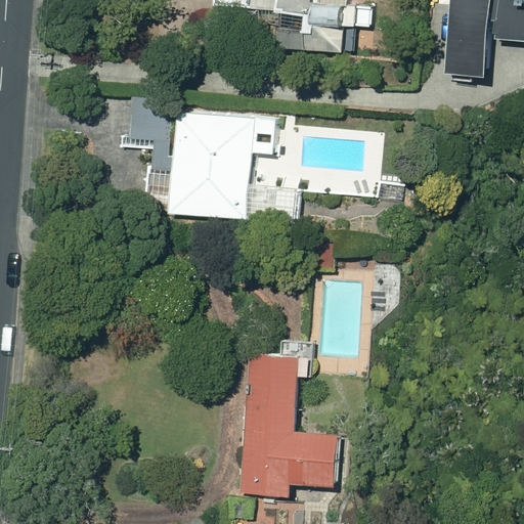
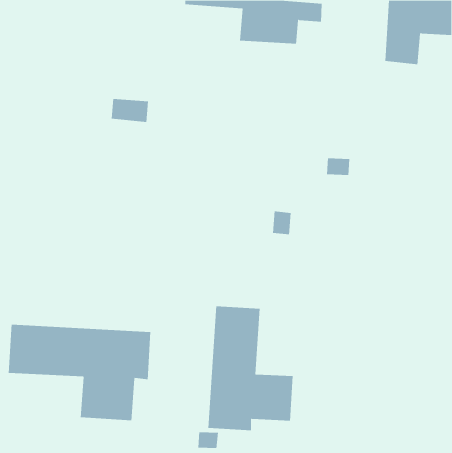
building: [168,112,300,224] -> none
building: none -> [8,324,151,421]

